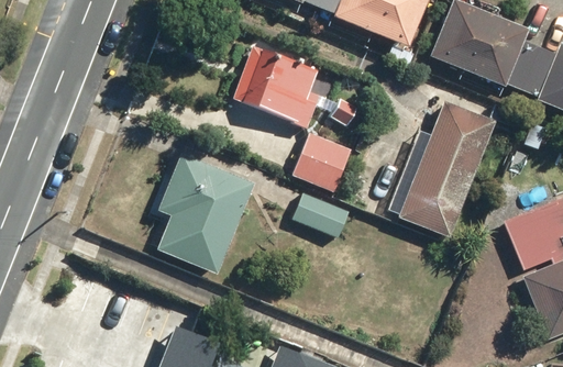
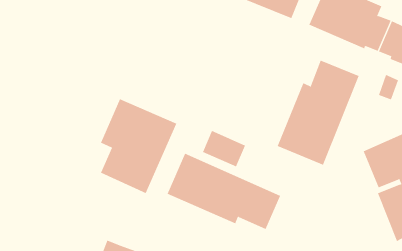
building: [224,41,320,124] -> none
building: [292,131,355,191] -> none
building: none -> [167,153,281,230]

